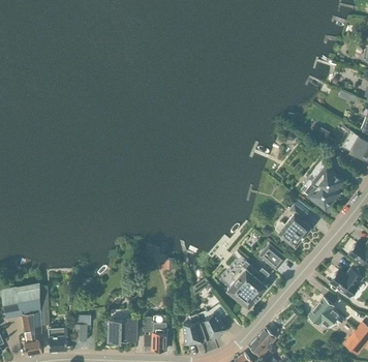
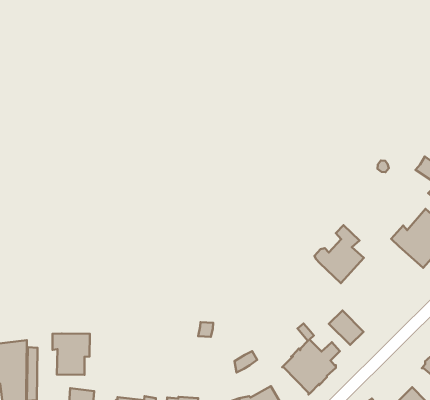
building: [275,204,311,246] -> [315,225,364,283]
building: none -> [52,334,90,375]

